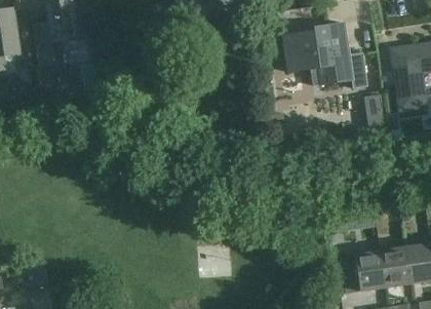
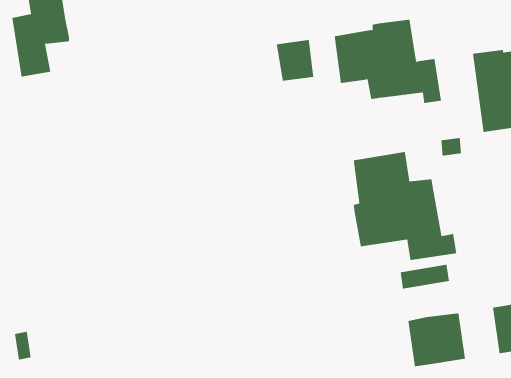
building: none -> [276,39,314,82]
building: none -> [353,151,457,261]
building: [381,246,412,286] -> none

